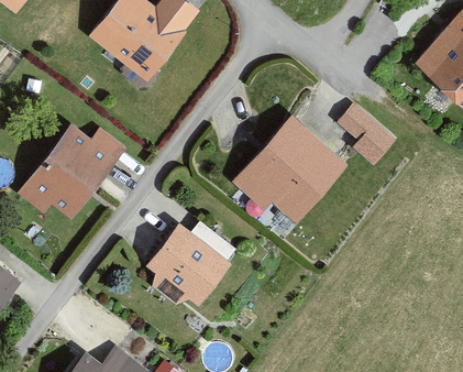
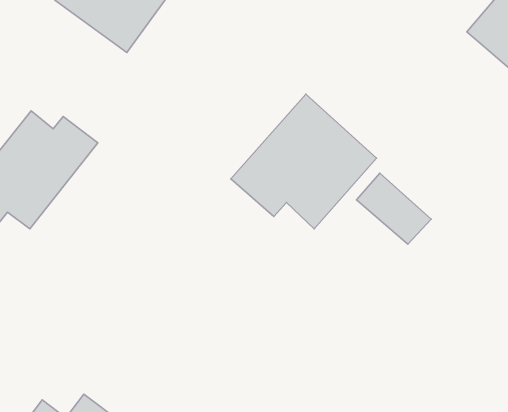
building: [335,106,395,162] -> [356,173,431,244]
building: [144,219,235,308] -> none

